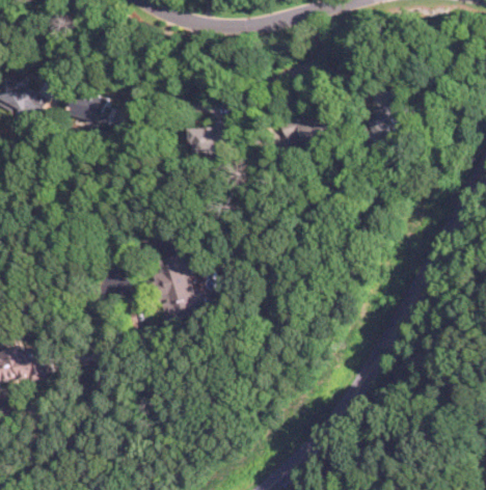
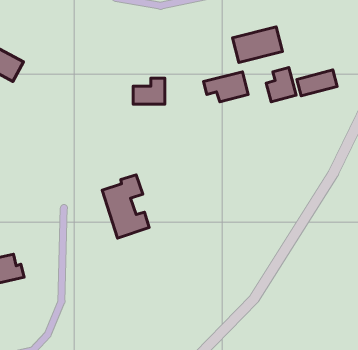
building: none -> [233,27,282,62]
building: [68,91,112,125] -> none
building: none -> [297,70,337,96]

